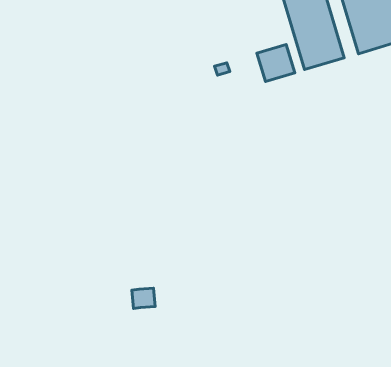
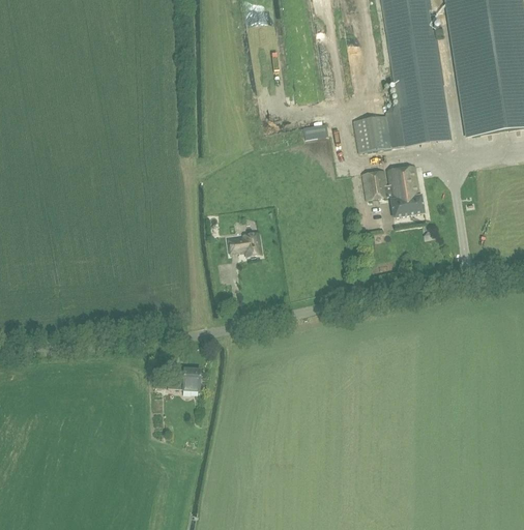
building: none -> [361,165,423,215]
building: none -> [228,232,261,257]

